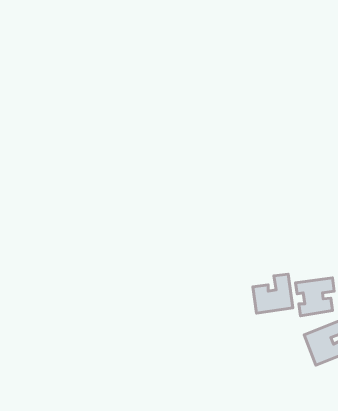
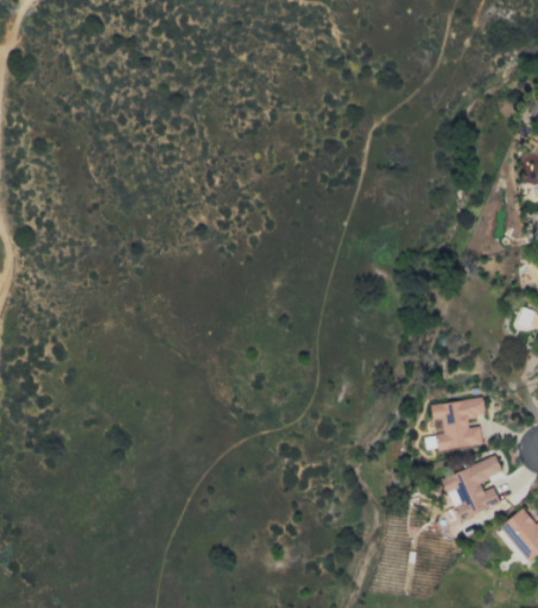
building: [253,274,293,313] -> none

